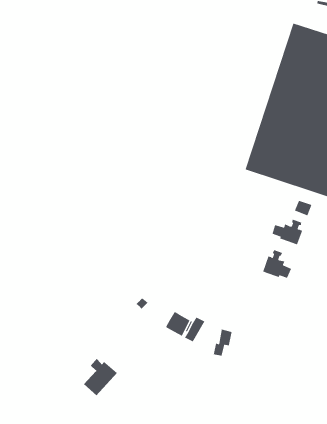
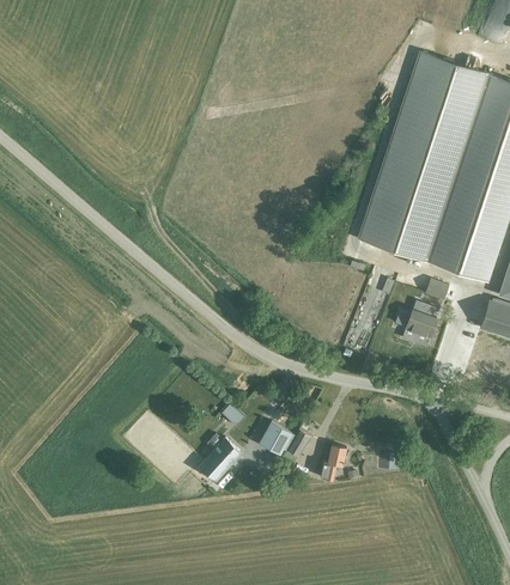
building: [262,249,292,279] -> none
building: [83,358,118,396] -> [198,433,242,482]

